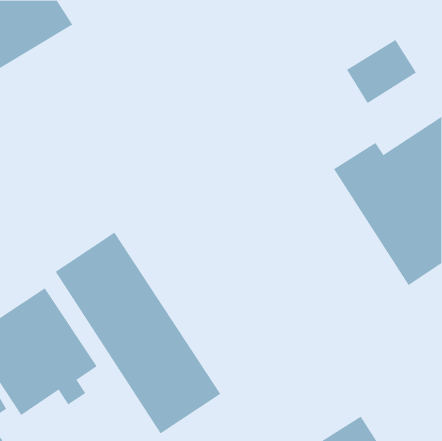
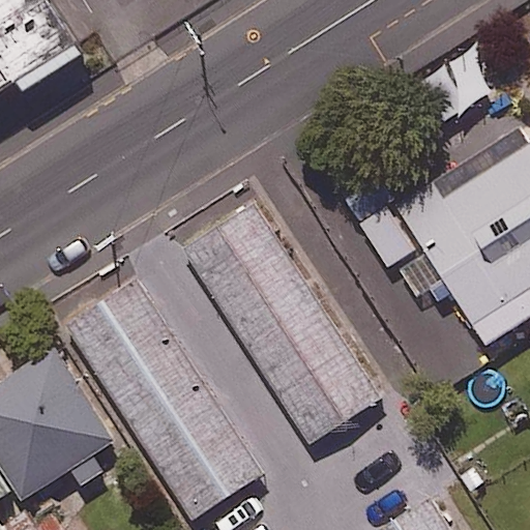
building: none -> [182,202,381,444]

